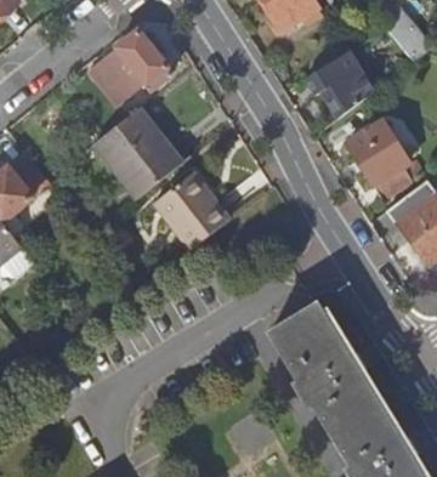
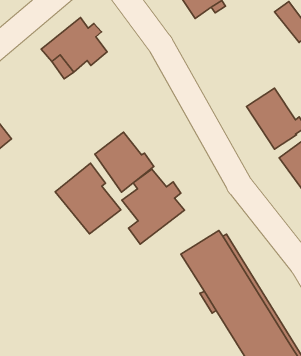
building: [305,50,375,118] -> none
building: [95,107,178,197] -> [55,163,121,234]
building: none -> [122,169,184,244]

